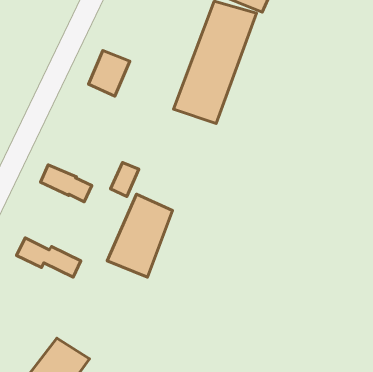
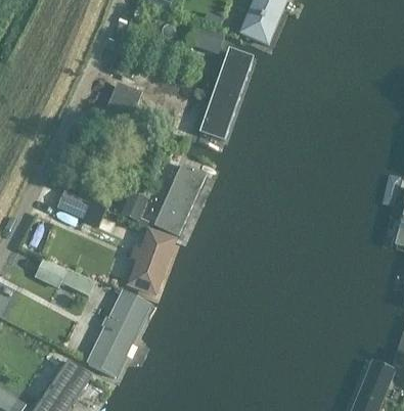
building: none -> [146,150,218,238]
building: none -> [80,287,156,379]

